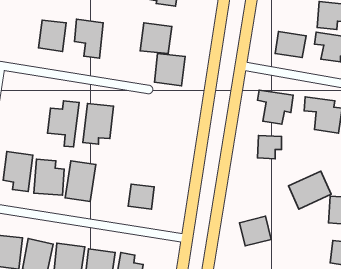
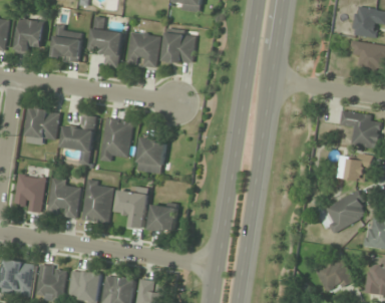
building: none -> [15,18,44,54]
building: [275,32,306,57] -> none
building: [155,54,185,86] -> [127,32,160,67]
building: [258,90,293,124] -> none
building: none -> [26,107,60,139]
building: none -> [137,136,166,174]
building: [257,136,282,159] -> [346,156,372,181]
building: none -> [116,186,149,228]
building: [240,216,271,246] -> [317,259,351,291]

